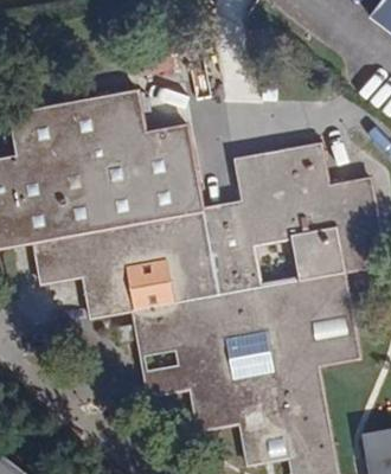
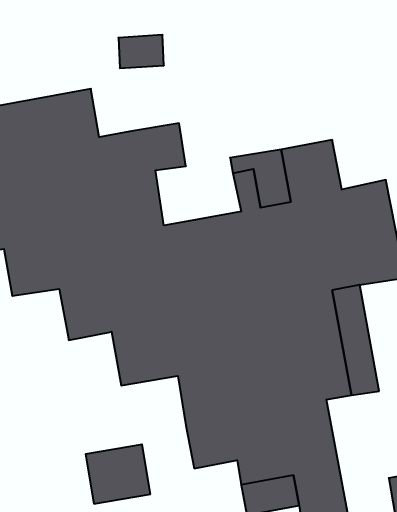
building: [109,95,142,141] -> none
building: [165,166,199,217] -> none
building: [135,346,191,397] -> [86,444,150,504]

